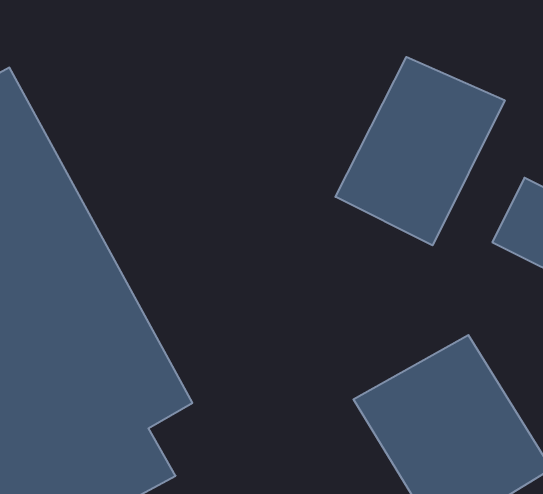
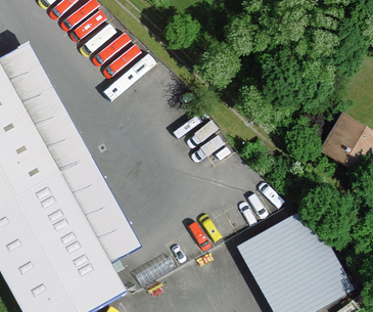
building: [335,57,505,245] -> none

